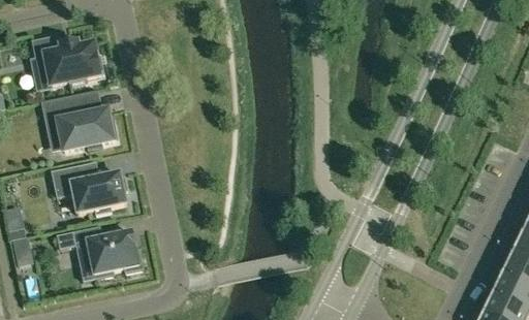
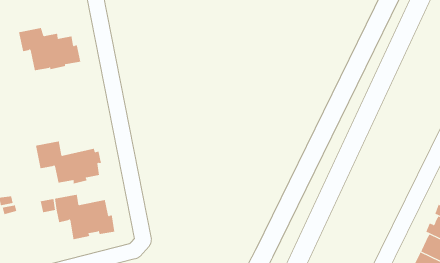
building: [44,90,117,149] -> none

